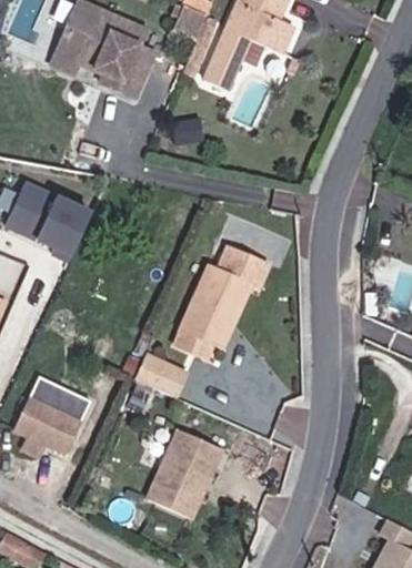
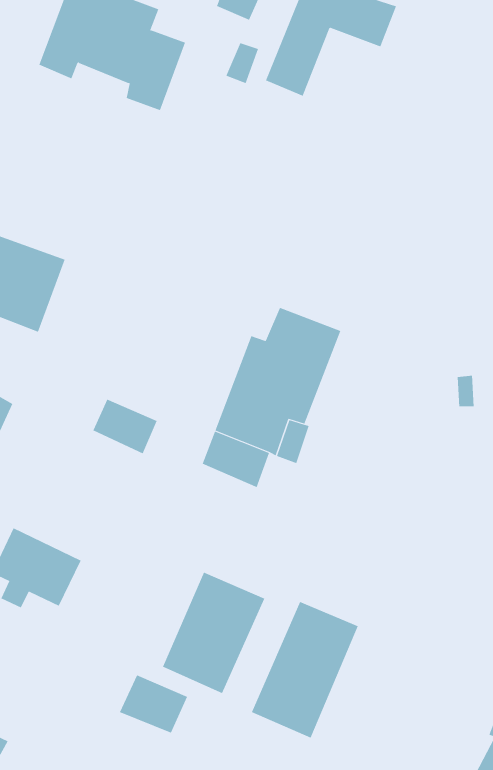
building: [129,355,174,394] -> [92,399,157,454]
building: none -> [251,601,359,739]
building: none -> [119,674,188,733]

